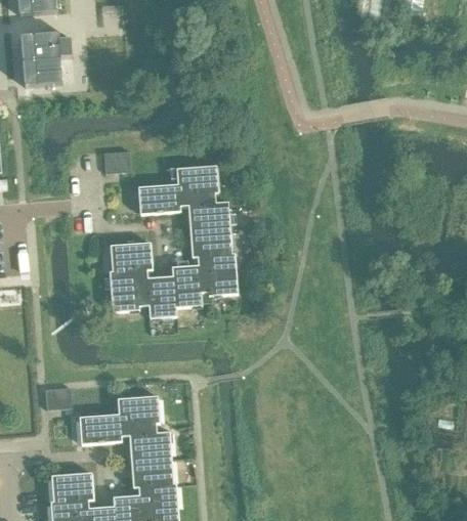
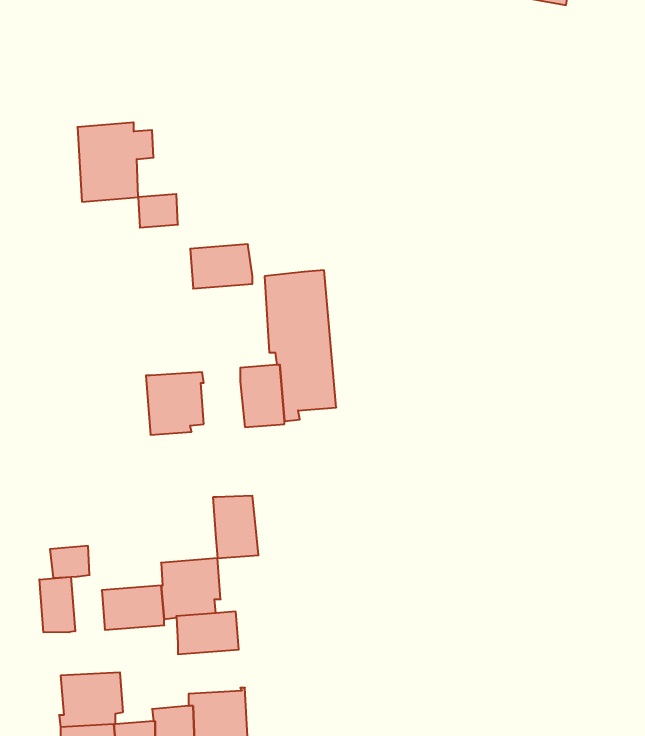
building: [19,33,71,86] -> [77,122,154,202]
building: [175,166,217,206] -> none
building: [109,243,151,272] -> none
building: [144,276,175,318] -> [213,496,259,558]
building: none -> [39,577,75,632]
building: [129,457,172,487] -> none

